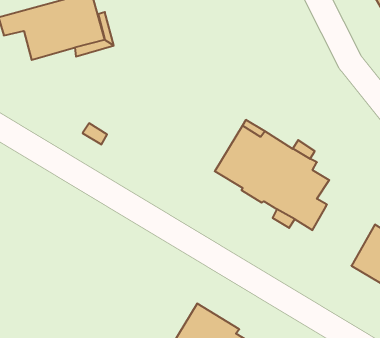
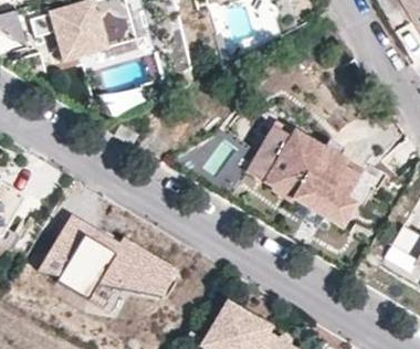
building: none -> [38,216,174,299]

